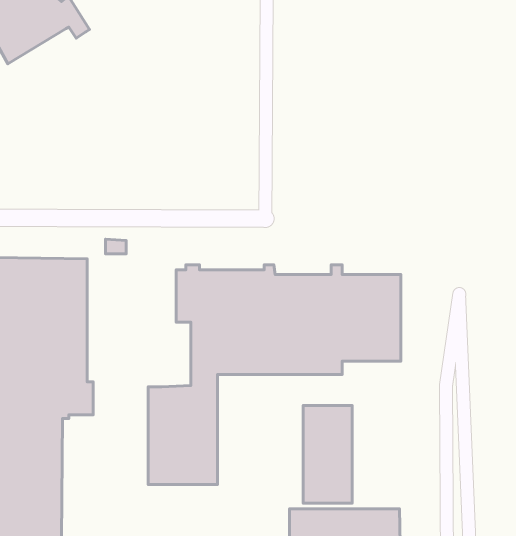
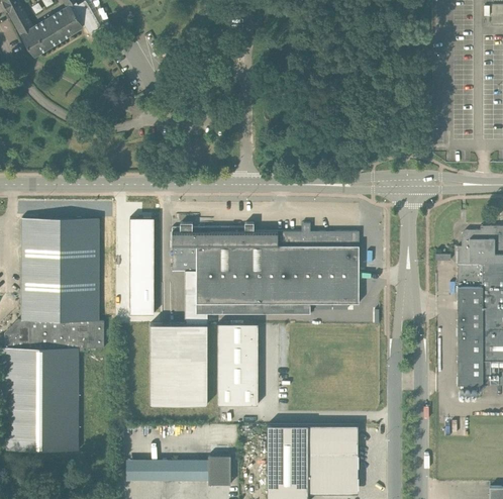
building: none -> [129,219,154,315]
building: [303,405,352,503] -> [217,325,258,406]

